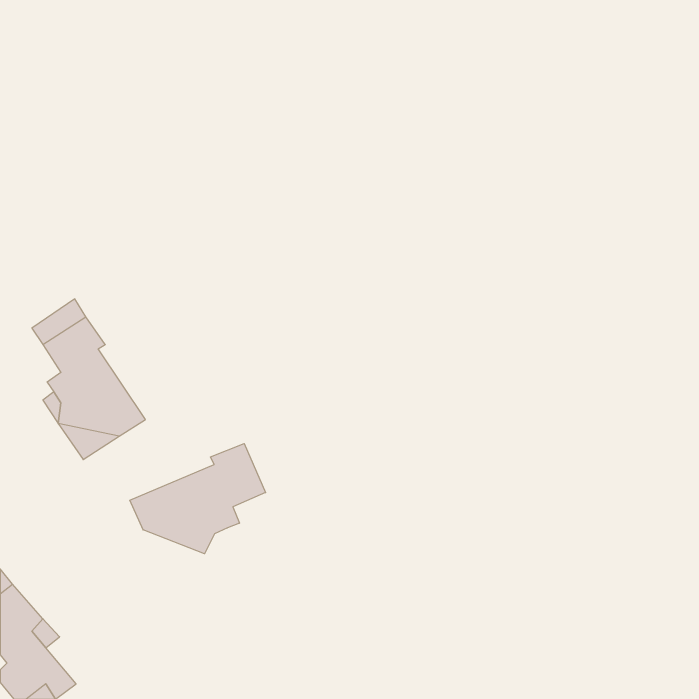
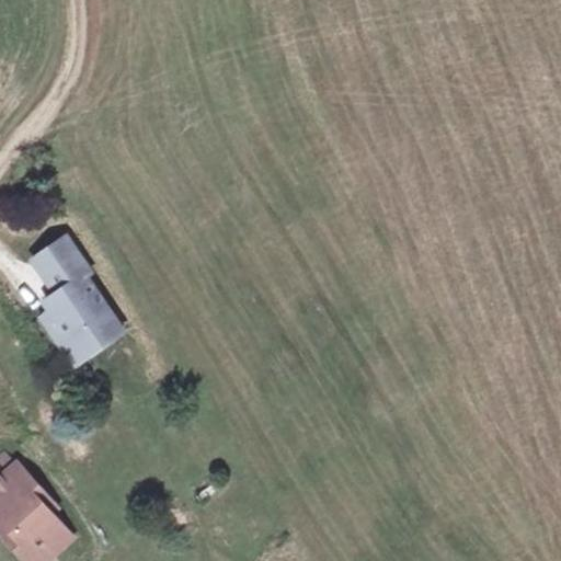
building: [130,444,266,554] -> none

